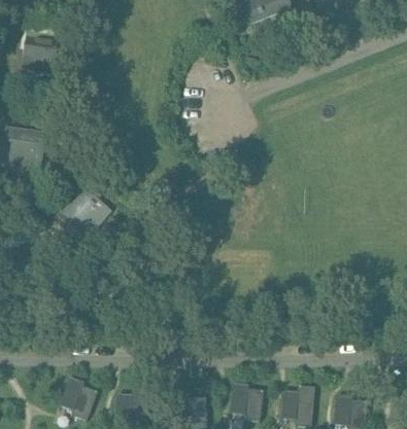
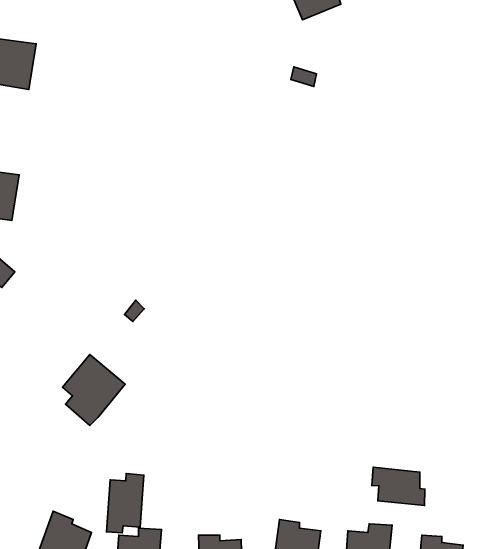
building: [63,188,108,240] -> [63,354,125,426]
building: none -> [372,467,425,506]
building: none -> [106,474,144,533]

